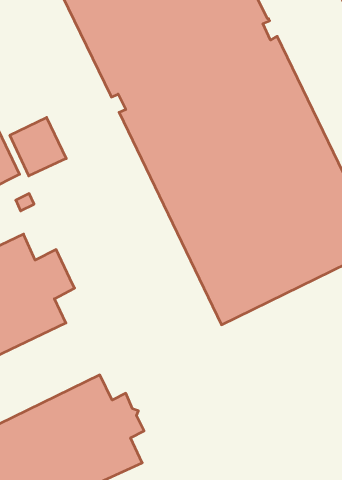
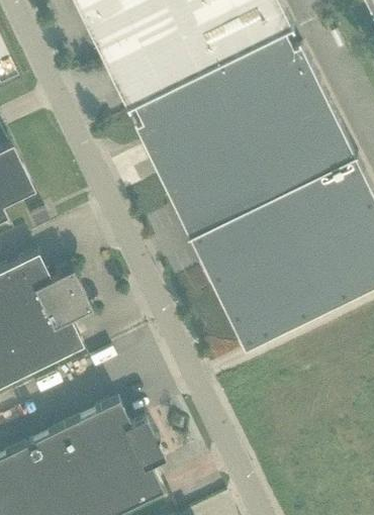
building: [10,117,66,176] -> none

